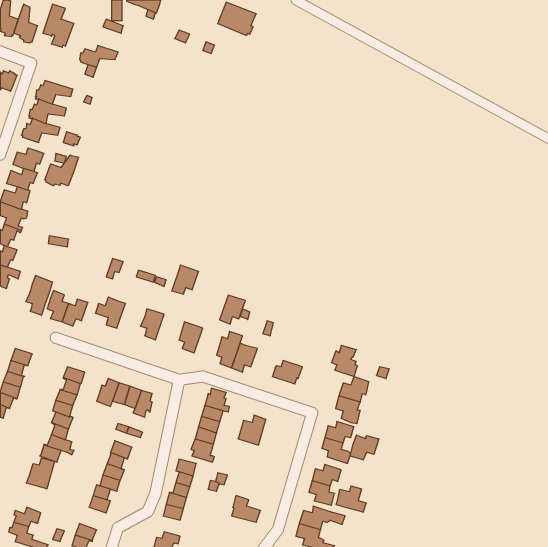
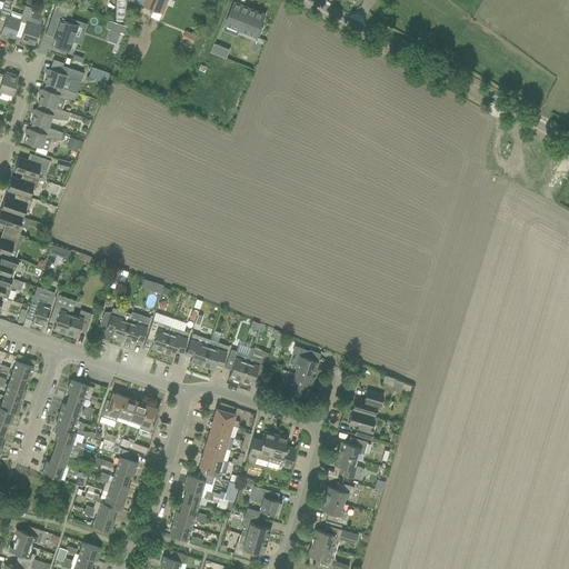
building: [80,46,118,67] -> [43,67,83,89]
building: [45,155,79,186] -> none
building: [172,265,199,294] -> [161,327,189,357]
building: [220,295,245,324] -> [201,341,228,371]
building: none -> [121,312,149,346]
building: [332,345,357,377] -> [290,349,317,381]
building: none -> [268,436,295,469]
building: [350,435,379,460] -> none
building: [27,458,55,489] -> none
building: none -> [249,487,281,517]
building: [336,486,366,512] -> none
building: none -> [232,536,266,559]

